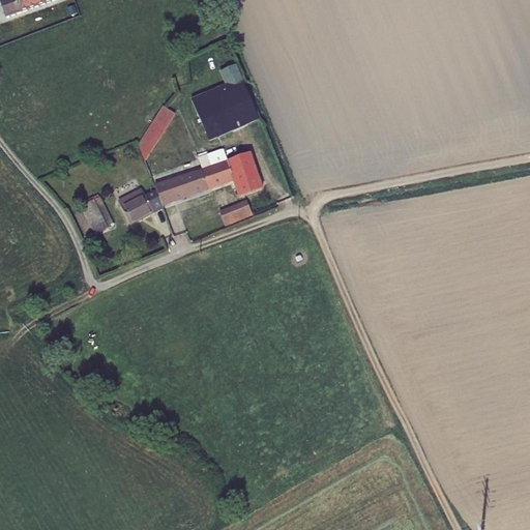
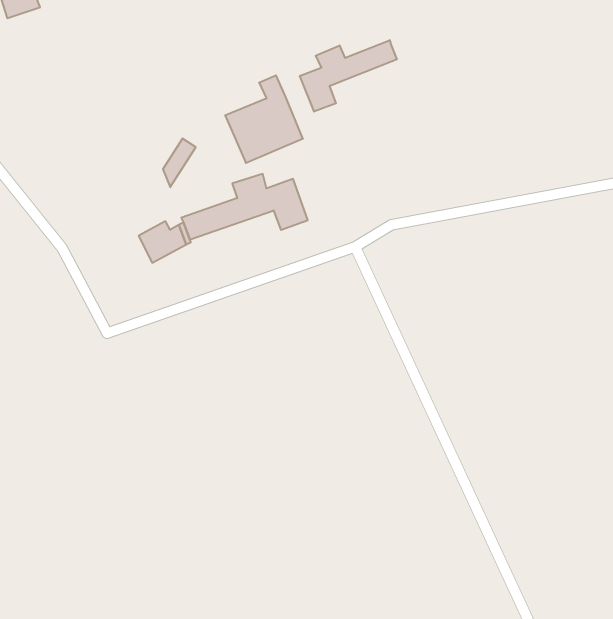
building: none -> [300,40,397,112]
building: [82,196,114,233] -> none
building: [219,200,253,225] -> none

